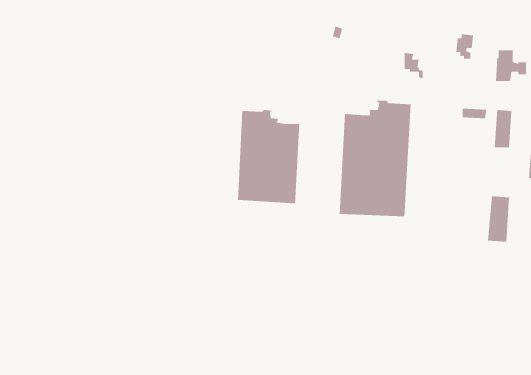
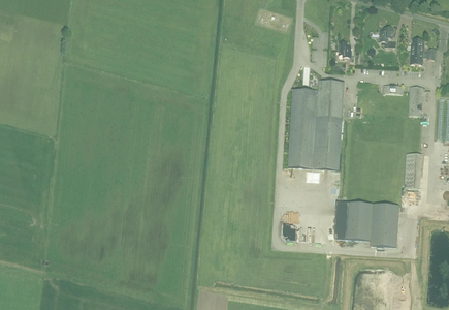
building: [238,109,300,204] -> none
building: none -> [333,196,398,247]

